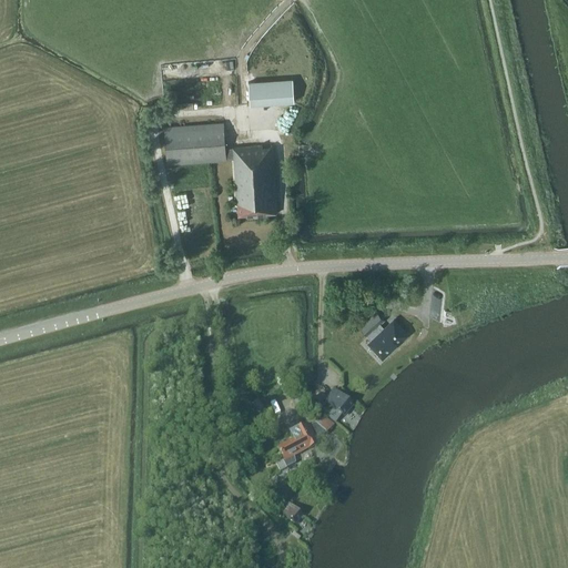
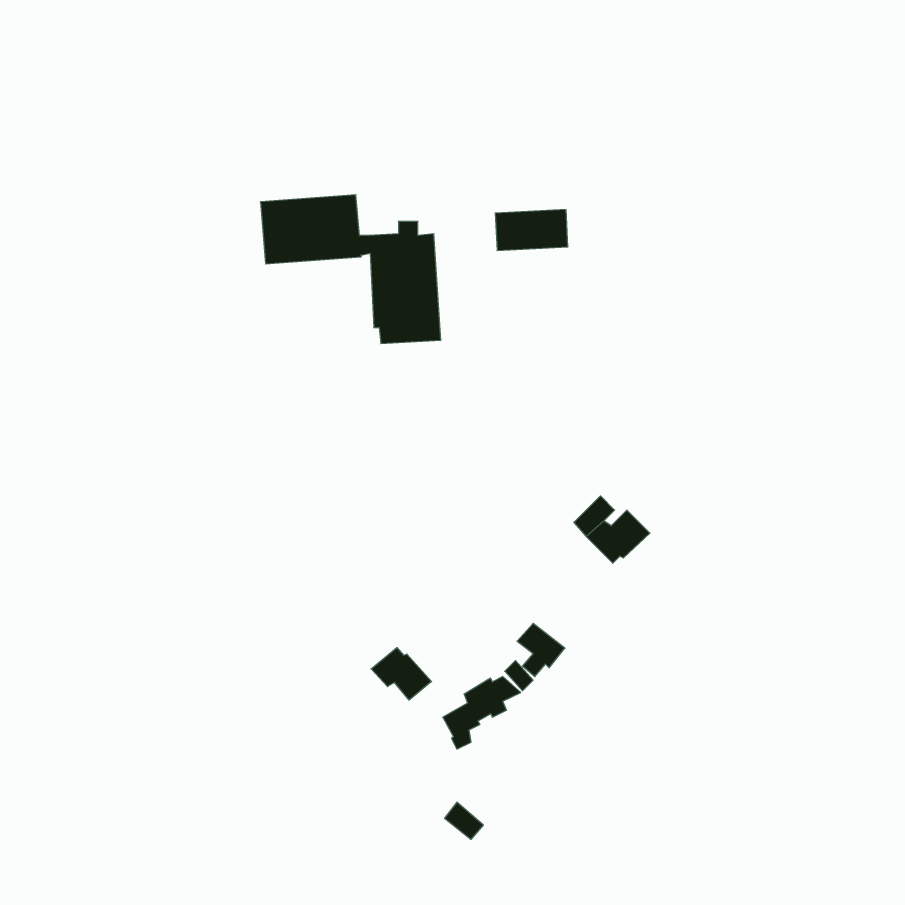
building: [248,79,294,104] -> [495,210,568,250]
building: none -> [371,648,432,700]

